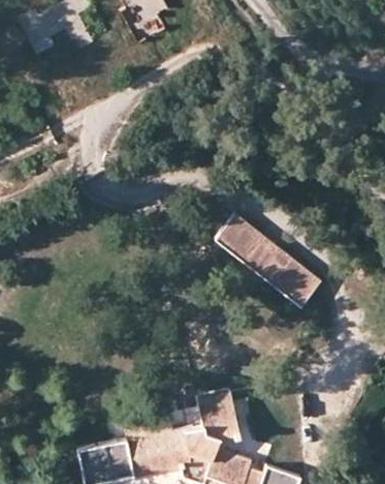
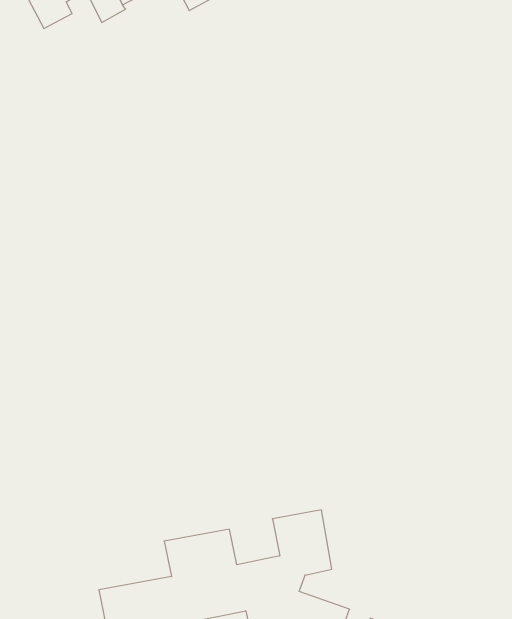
building: [217,215,322,307] -> none

